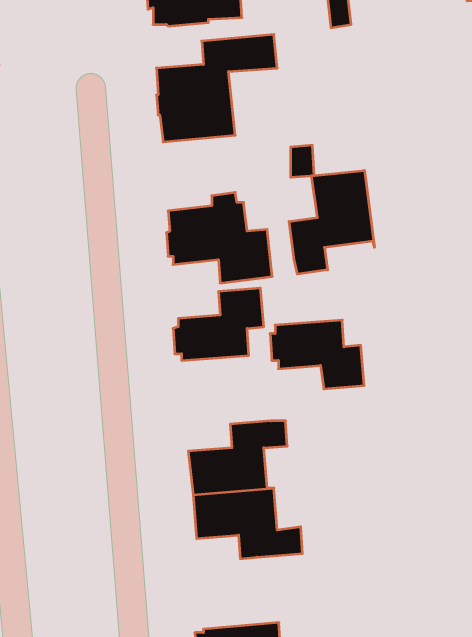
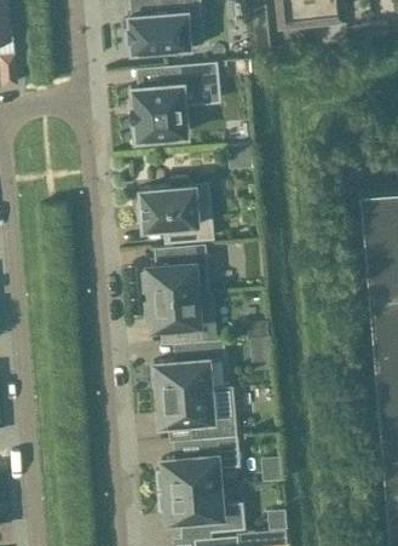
building: [289,170,374,274] -> none
building: [270,320,364,389] -> [148,298,215,347]
building: none -> [160,441,241,495]

